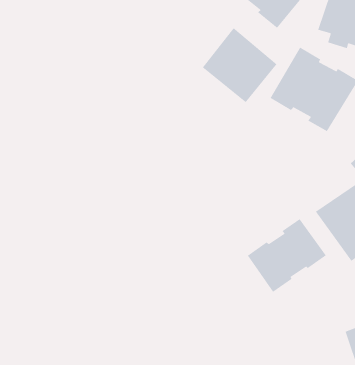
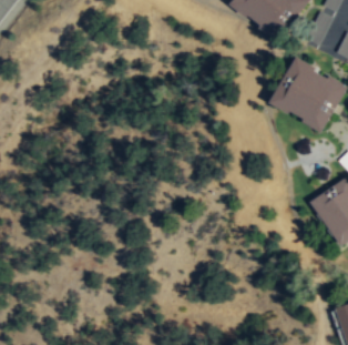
building: [202,27,277,103] -> none
building: [247,218,327,293] -> none

